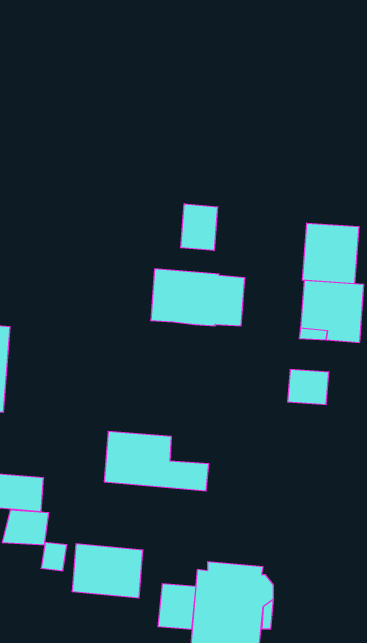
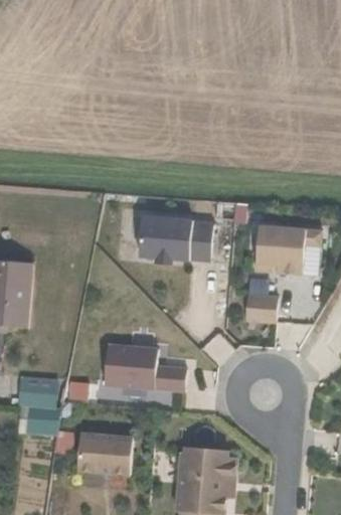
building: [181,204,218,251] -> none
building: [302,223,359,284] -> none
building: [158,584,196,629] -> none

